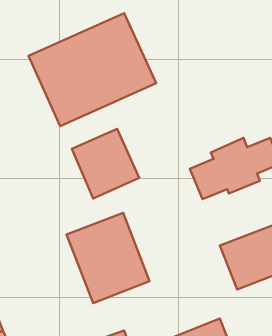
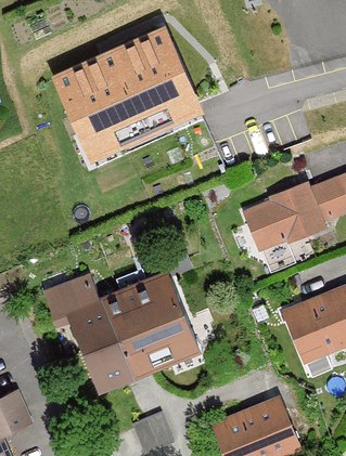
building: [72,129,139,198] -> none
building: none -> [38,271,129,391]

